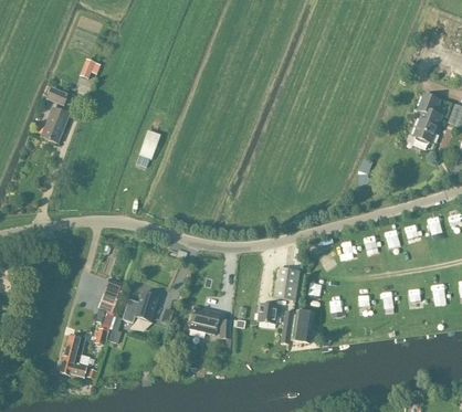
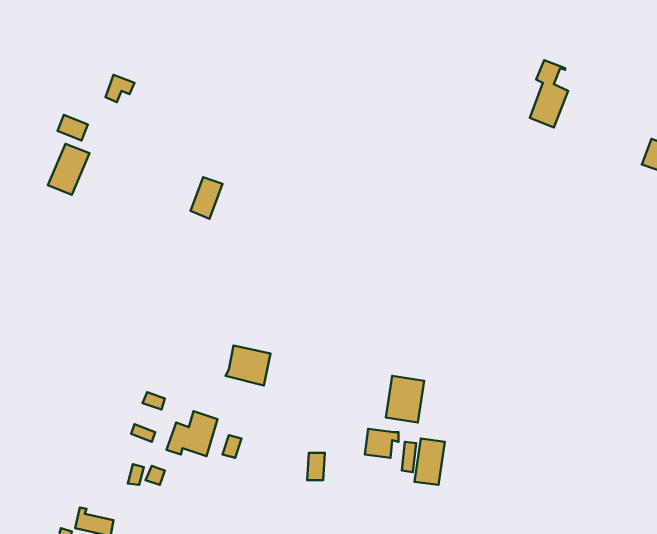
building: [414,95,441,141] -> [530,60,568,128]
building: [188,307,219,335] -> [226,345,270,385]
building: [62,334,85,367] -> none

